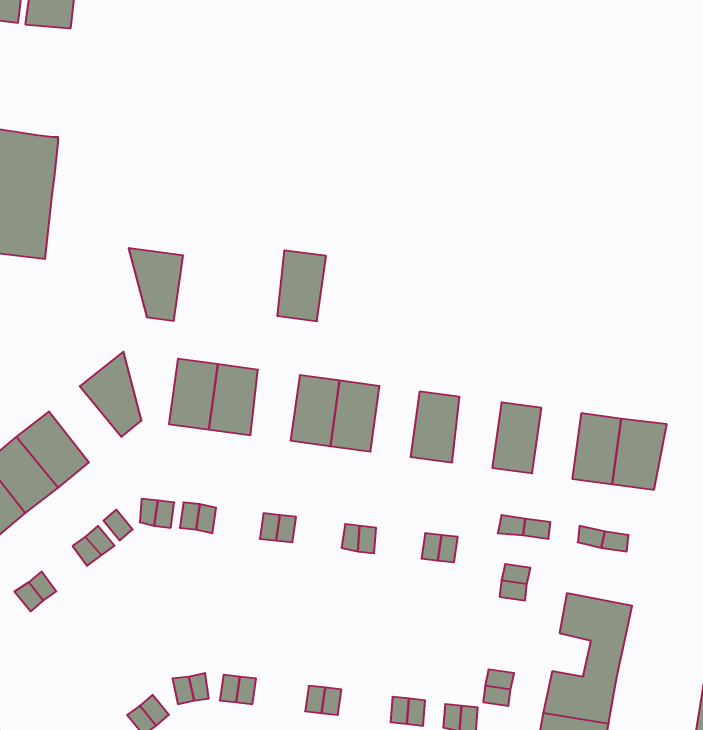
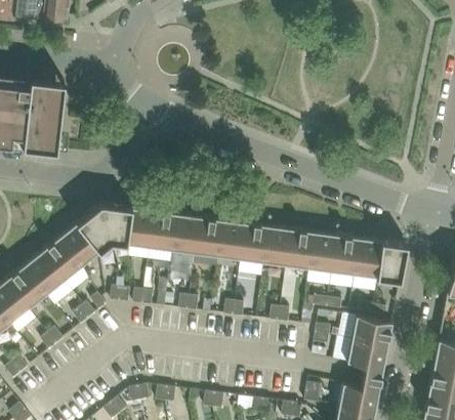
building: [129,248,183,321] -> [100,205,131,246]
building: [277,250,326,321] -> [172,215,200,255]
building: none -> [58,224,99,267]
building: none -> [240,224,267,264]
building: none -> [286,230,314,270]
building: none -> [331,237,359,277]
building: none -> [350,318,391,348]

